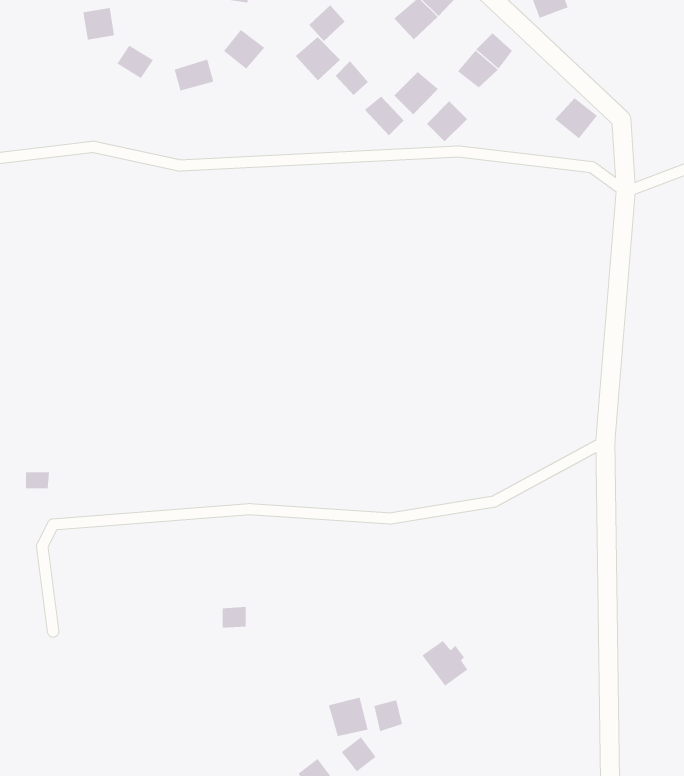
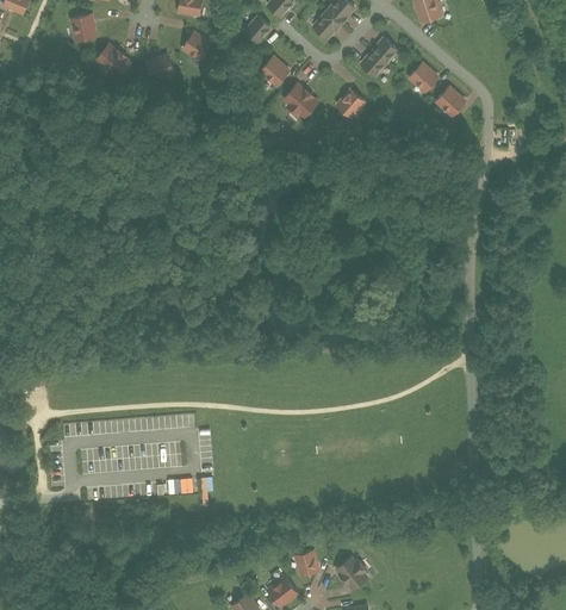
building: [295,36,341,81] -> none
building: none -> [405,62,439,94]
building: [394,71,439,115] -> none
building: [422,640,468,687] -> [336,554,372,590]
building: [328,697,368,737] -> none

